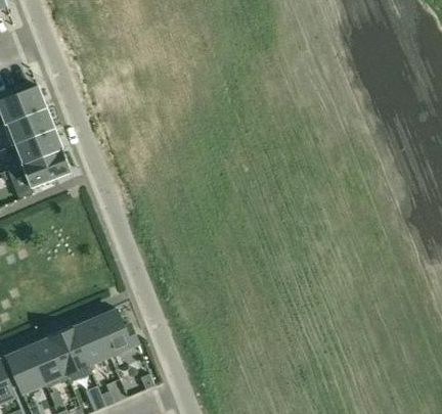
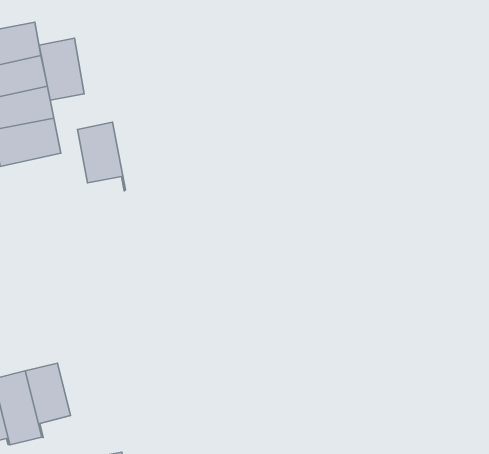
building: none -> [39,38,84,100]
building: none -> [77,122,126,191]
building: [93,310,137,354] -> none

